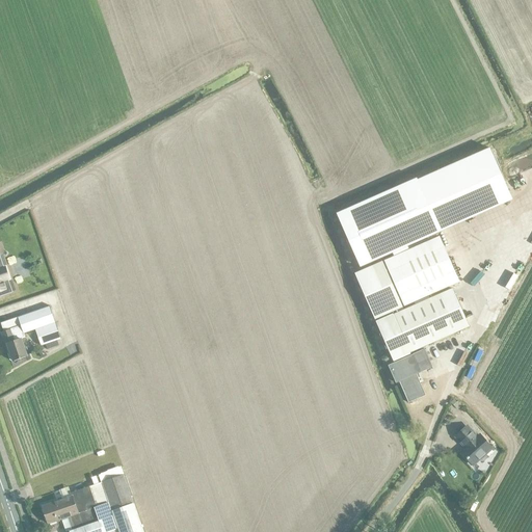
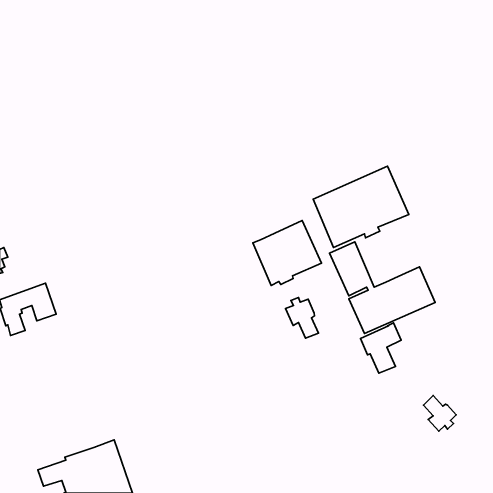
building: [417,145,513,231] -> none
building: [384,235,458,304] -> [253,221,321,285]
building: none -> [286,298,318,338]

